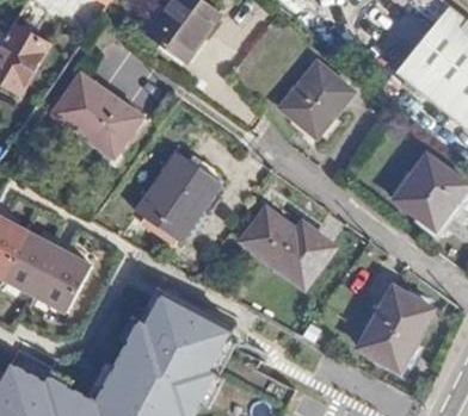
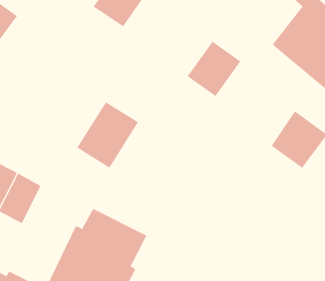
building: [59,69,141,148] -> none
building: [239,213,330,287] -> none
building: [352,293,425,374] -> none

